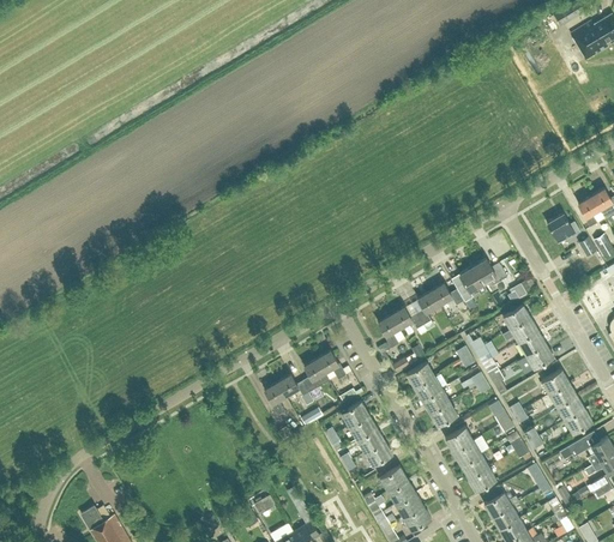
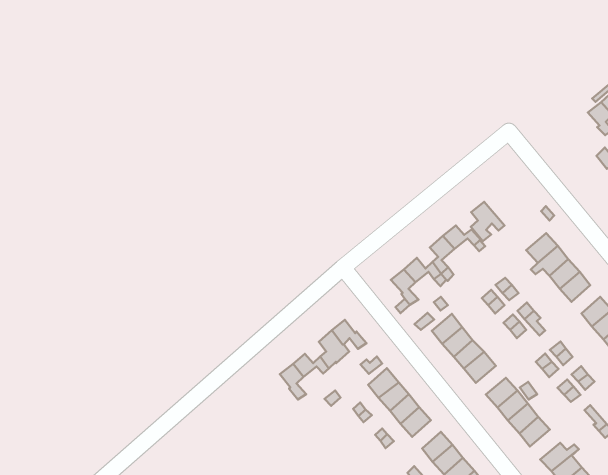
building: [547,213,580,243] -> none
building: [472,259,507,291] -> none

